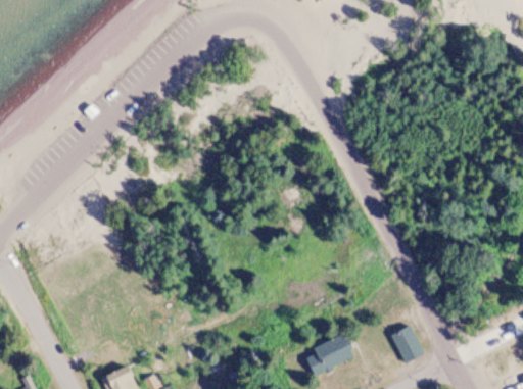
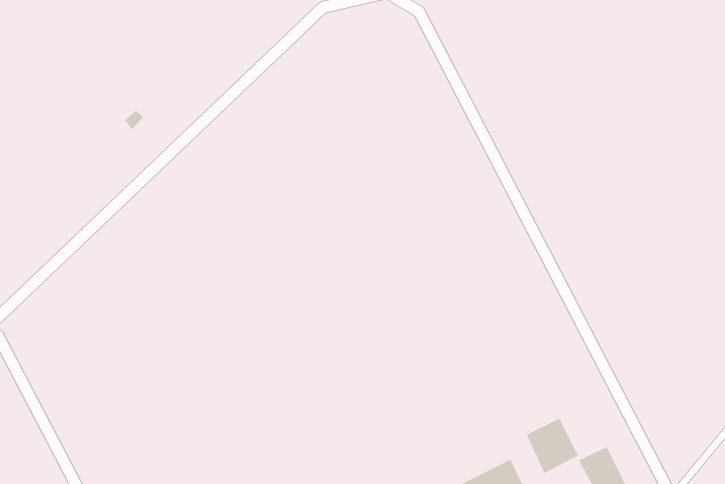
building: none -> [526,418,579,474]

